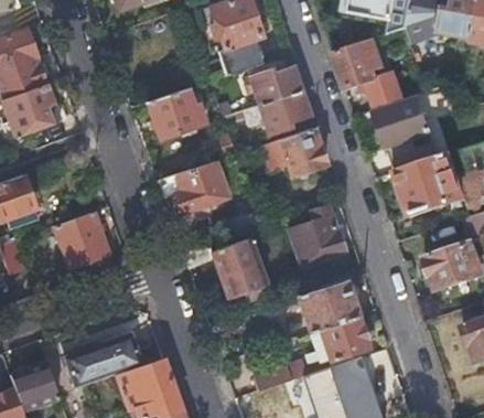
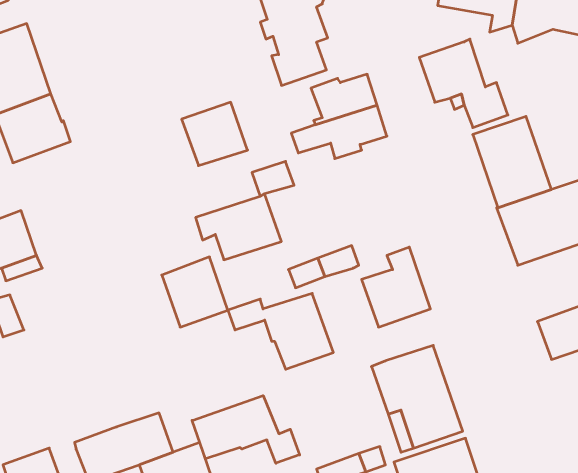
building: [260,127,325,175] -> none
building: [54,211,106,266] -> [162,257,228,327]
building: none -> [192,396,300,463]

